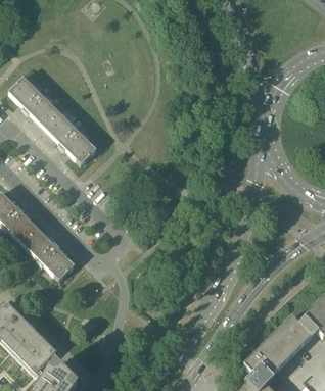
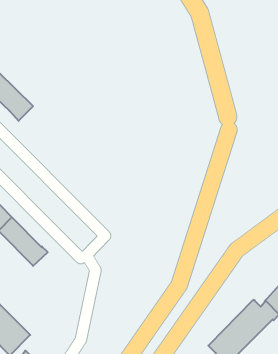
building: [44,112,96,164] -> none

